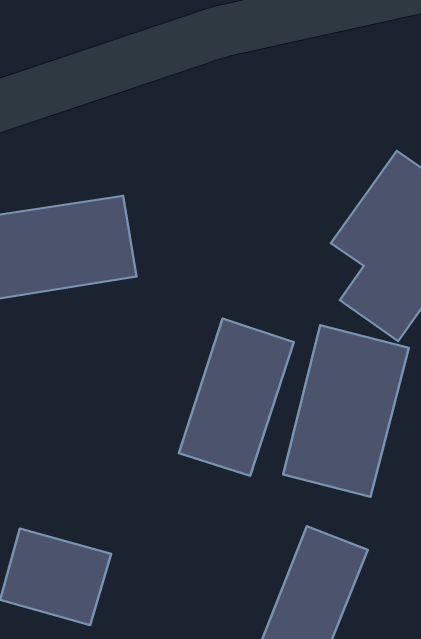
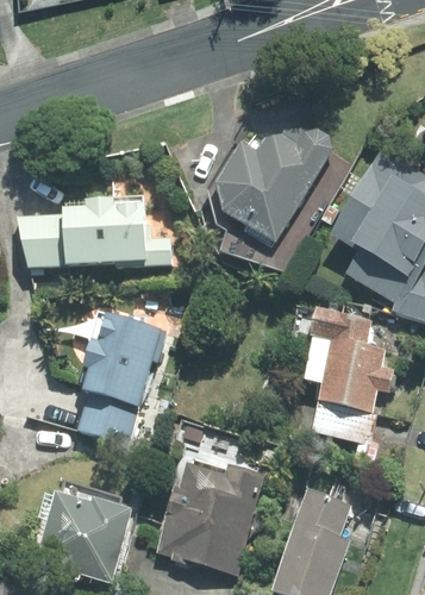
building: none -> [220,105,342,249]
building: [179,318,294,476] -> [58,305,162,446]
building: none -> [154,452,262,575]

